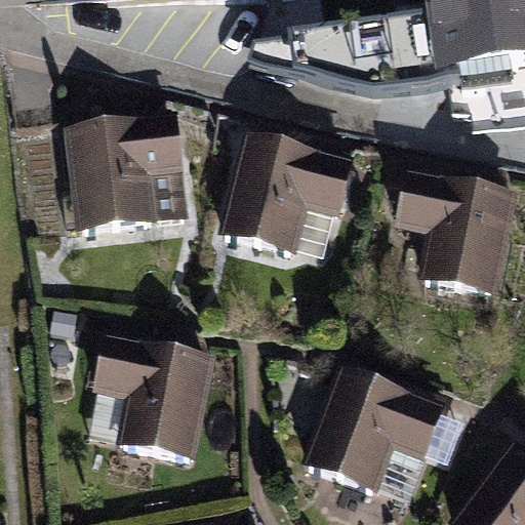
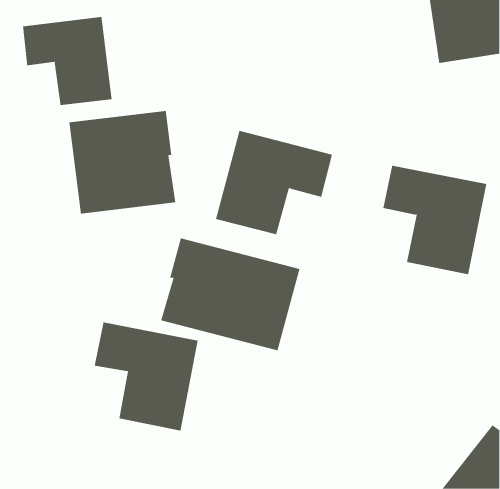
building: none -> [22,16,112,106]
building: none -> [161,237,300,351]
building: [310,370,441,485] -> none

